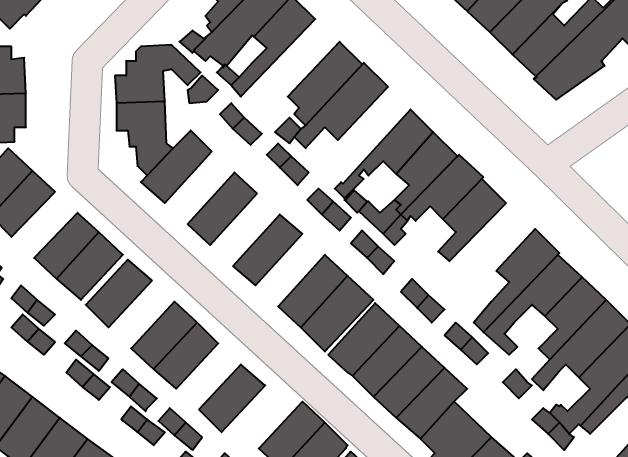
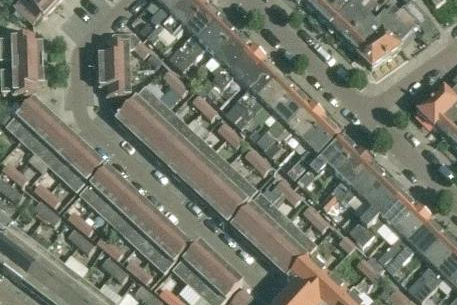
building: none -> [175,16,236,71]
building: none -> [229,59,280,118]
building: none -> [128,98,171,143]
building: none -> [33,123,74,164]
building: none -> [156,124,199,169]
building: none -> [294,133,357,195]
building: none -> [184,149,227,194]
building: none -> [93,178,134,220]
building: none -> [135,217,175,258]
building: none -> [171,240,213,282]

